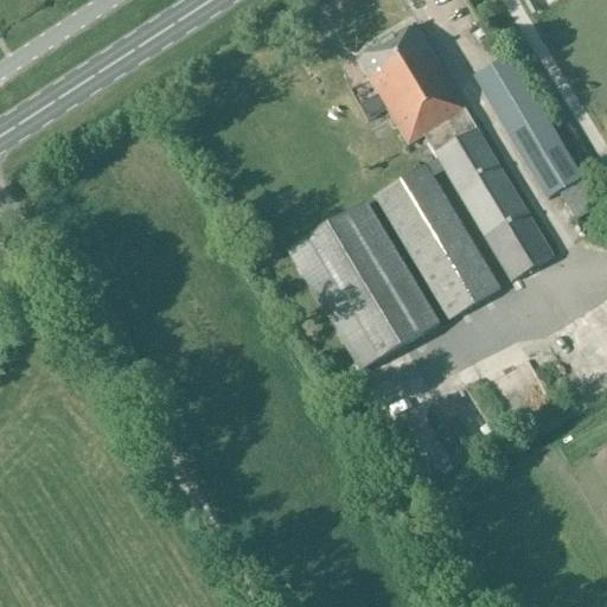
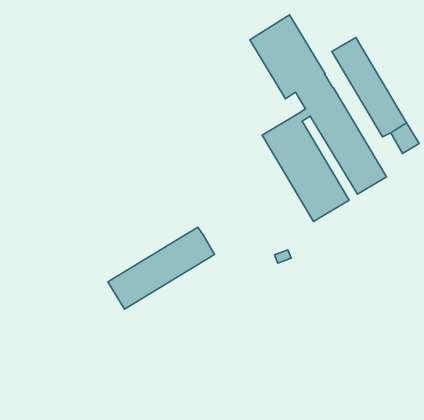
building: [287,203,440,371] -> none
building: none -> [108,227,214,309]

